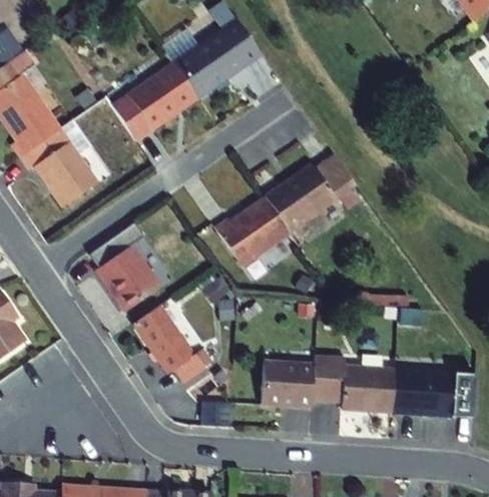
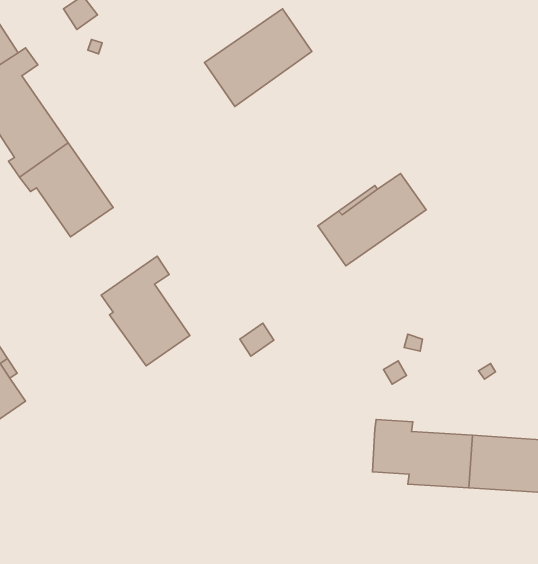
building: [111,63,198,141] -> none
building: [215,196,292,267] -> none
building: [133,306,211,384] -> none
building: [262,362,314,408] -> none

